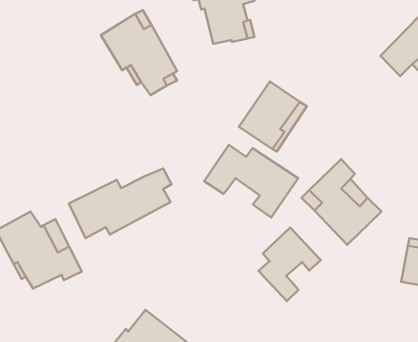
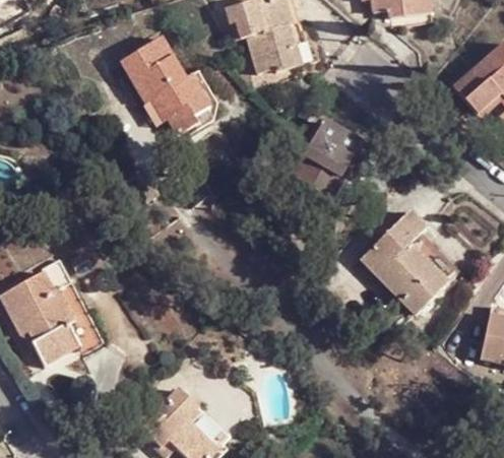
building: [204,145,298,217] -> none
building: [69,168,172,238] -> none
building: [259,227,321,301] -> none

